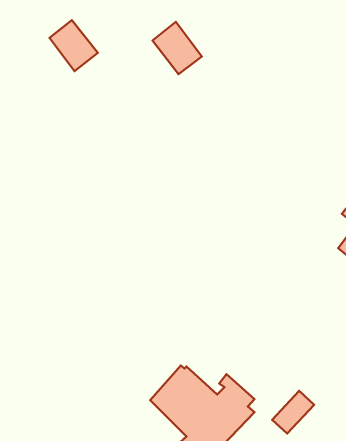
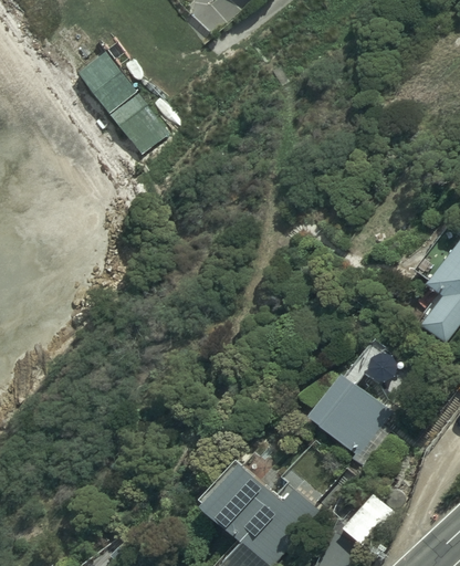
building: [152,22,202,74] -> [109,93,168,155]
building: none -> [305,370,394,467]

